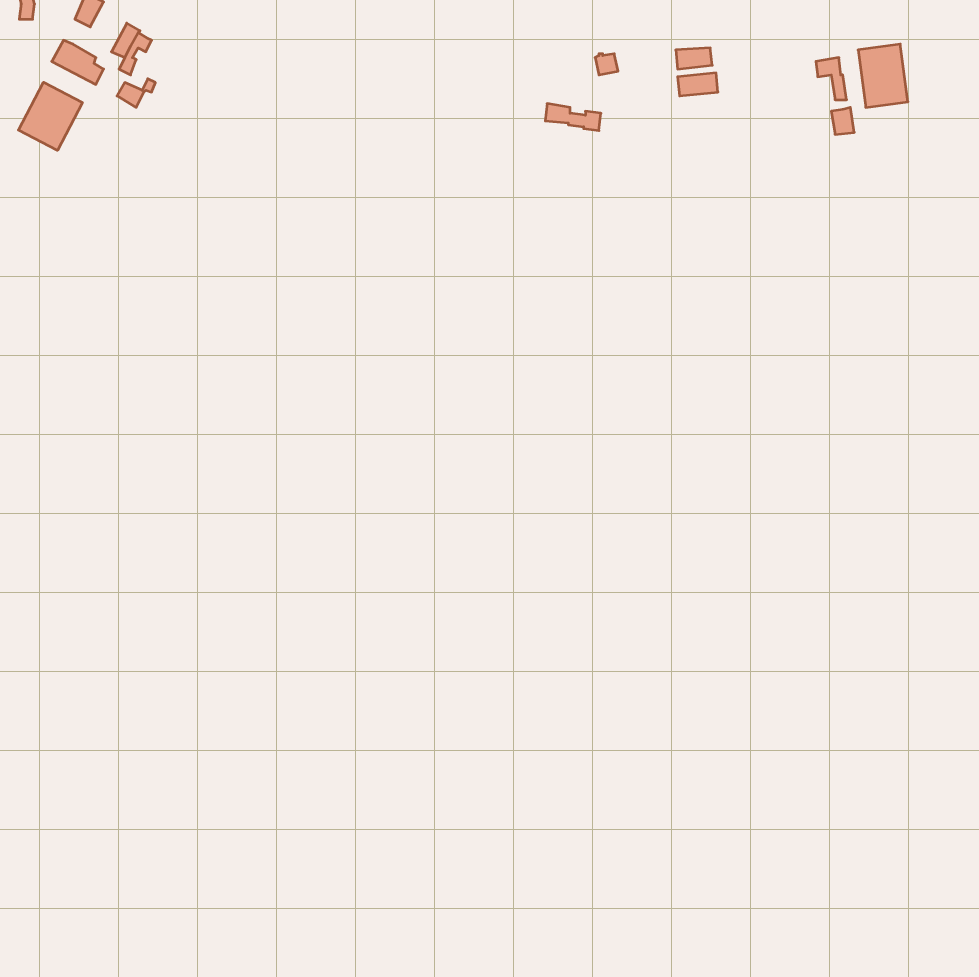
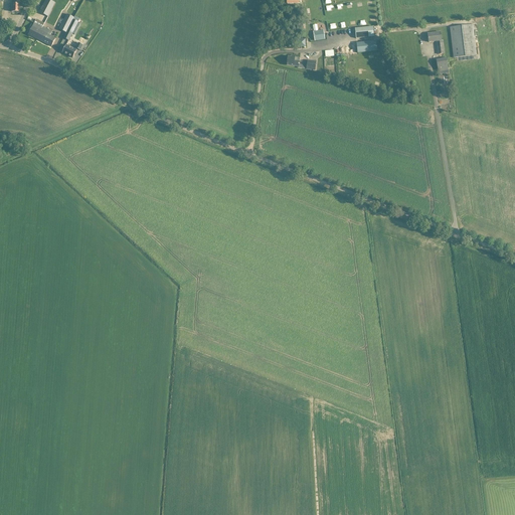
building: [18,82,82,150] -> none

